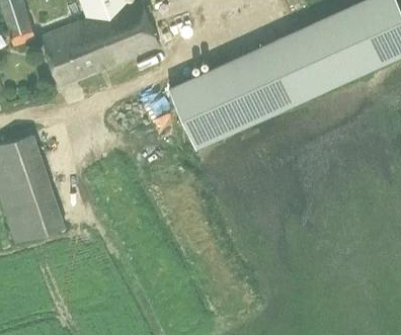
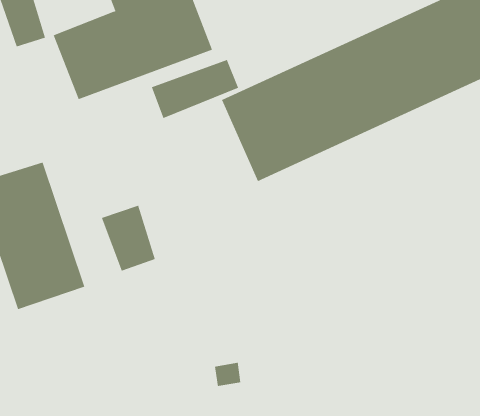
building: none -> [151,59,239,119]
building: none -> [101,205,155,271]

